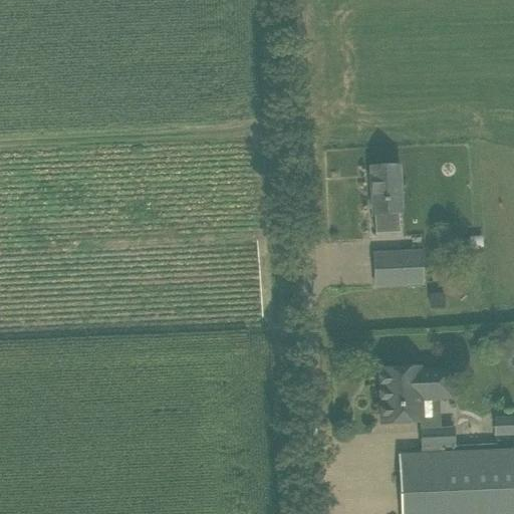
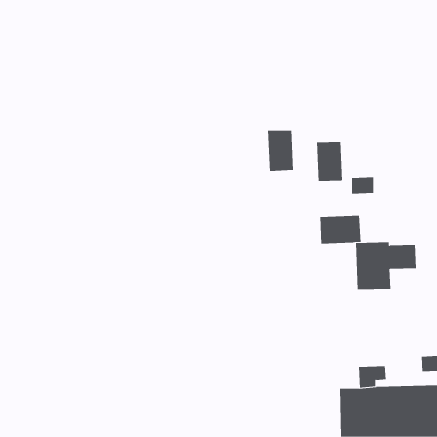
building: none -> [268,130,293,172]
building: [370,213,398,233] -> [351,177,374,194]
building: [379,366,452,423] -> [355,242,417,290]

